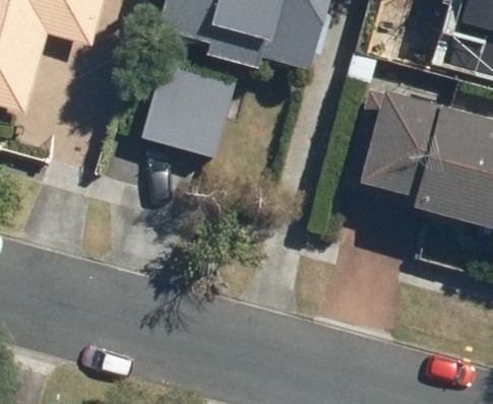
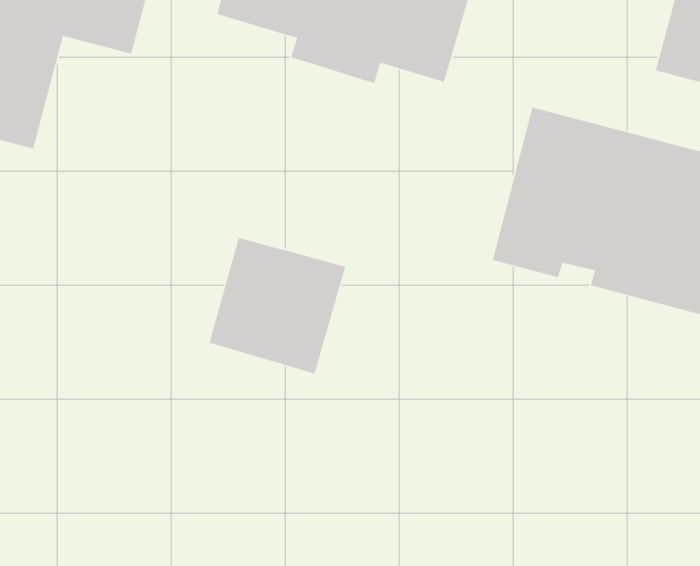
building: [141,63,236,157] -> [208,237,346,374]

